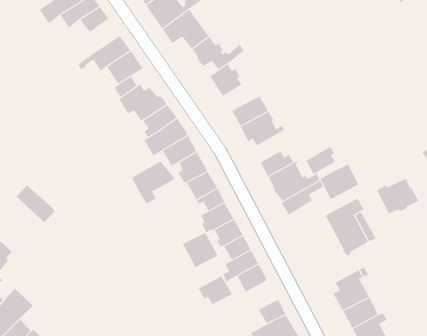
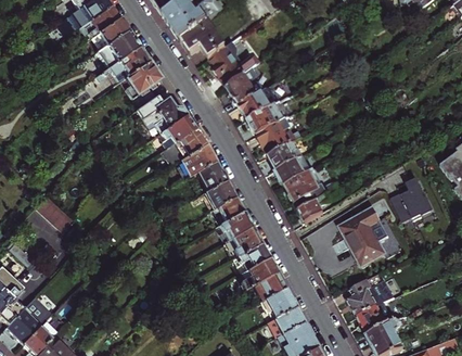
building: none -> [98,29,139,66]
building: none -> [240,88,286,120]
building: [306,146,335,175] -> [269,143,298,171]
building: [131,161,176,204] -> none
building: [320,164,359,200] -> none
building: [182,232,218,268] -> none
building: [198,275,233,305] -> [260,288,295,317]

